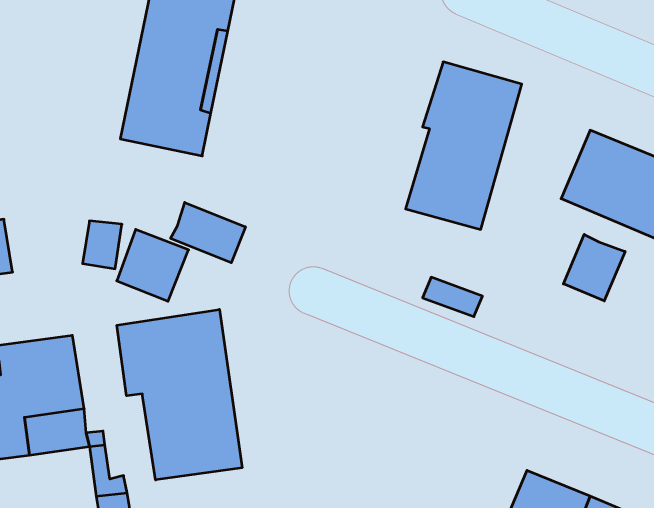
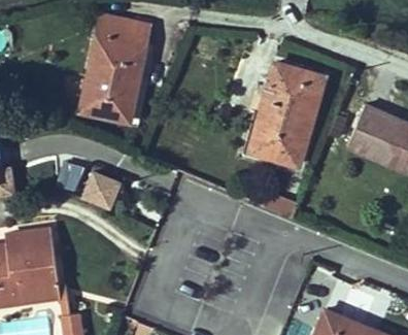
building: [171,202,245,263] -> none
building: [563,234,625,301] -> none
building: [117,309,242,480] -> none

